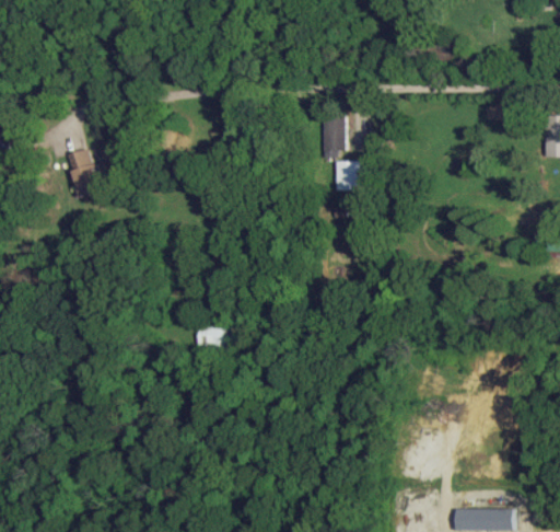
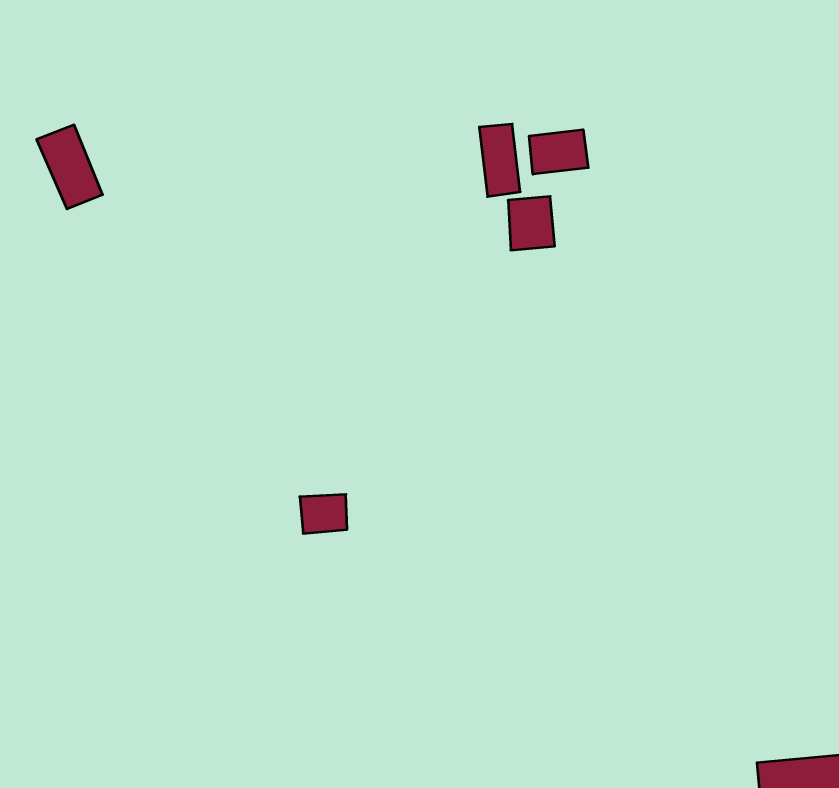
building: none -> [529,130,588,174]
building: [65,149,101,198] -> [37,125,103,209]

